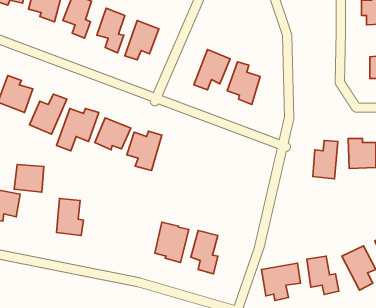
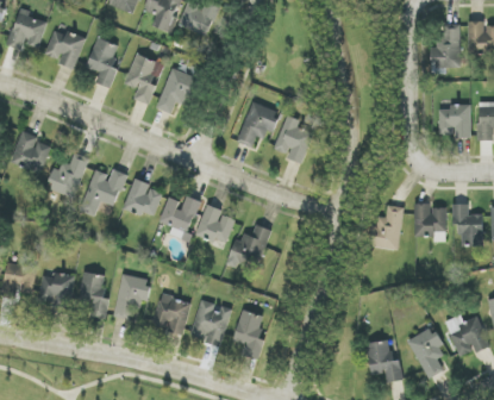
building: none -> [196,204,235,243]
building: none -> [227,224,271,269]
building: [14,164,44,192] -> [39,273,74,305]
building: none -> [114,273,149,318]
building: none -> [152,293,192,332]
building: [261,263,301,300] -> none

